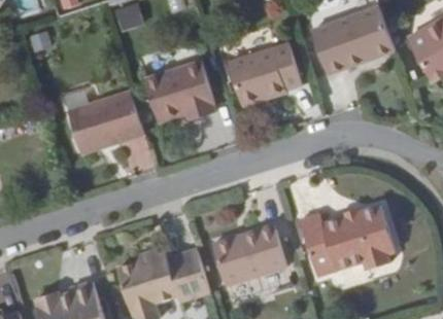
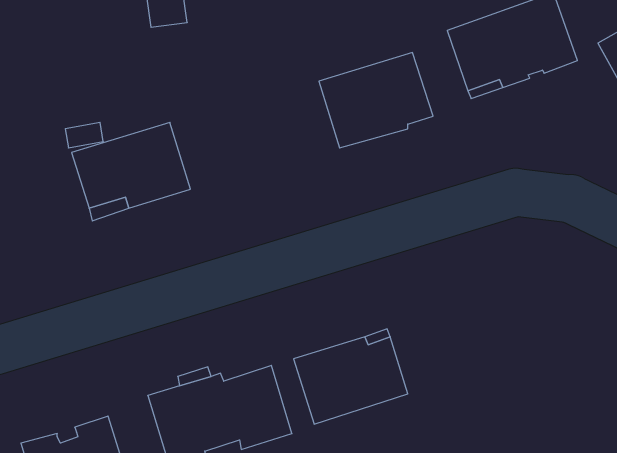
building: [144,62,214,121] -> none
building: [301,204,398,275] -> none

